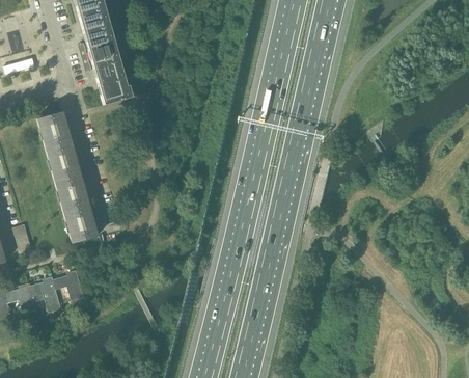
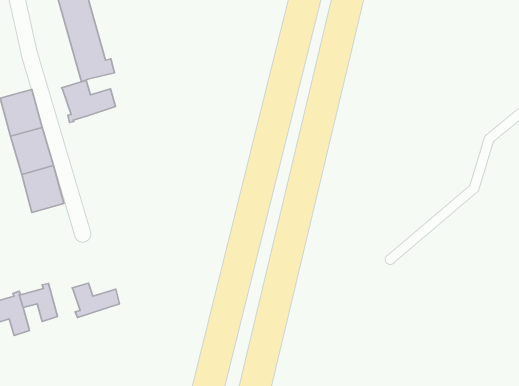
building: none -> [62,80,115,123]
building: [63,204,99,242] -> none
building: none -> [72,283,120,317]

